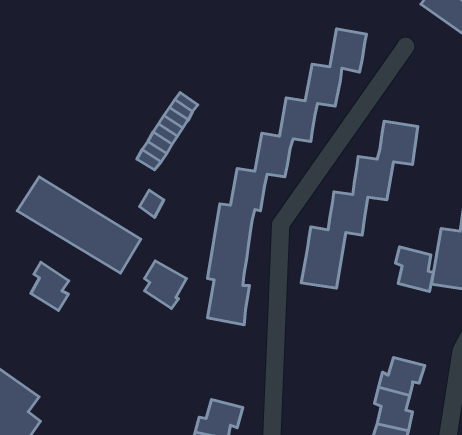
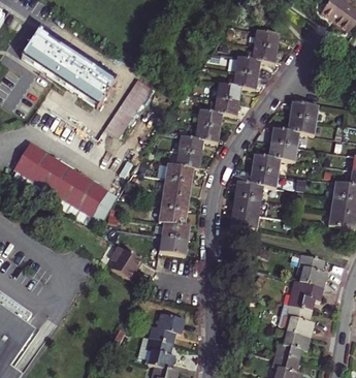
building: none -> [22,29,116,105]
building: [395,247,433,292] -> [297,253,326,287]
building: [144,261,187,308] -> [109,245,141,281]
building: [31,262,69,310] -> none

